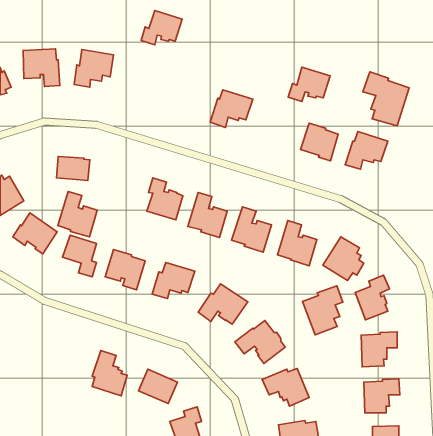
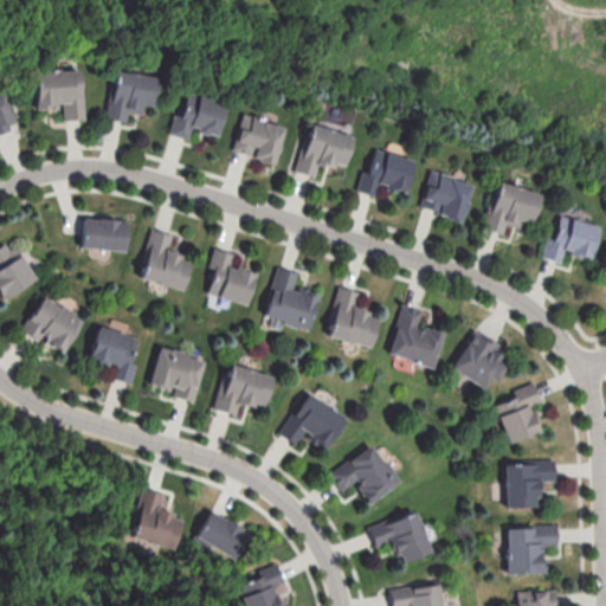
building: [141,11,182,45] -> [172,92,228,140]
building: [288,67,330,101] -> [359,150,417,198]
building: [363,72,409,126] -> none
building: none -> [236,114,288,166]
building: none -> [543,217,600,264]
building: [58,191,97,237] -> [140,228,194,291]
building: [302,286,343,335] -> none

